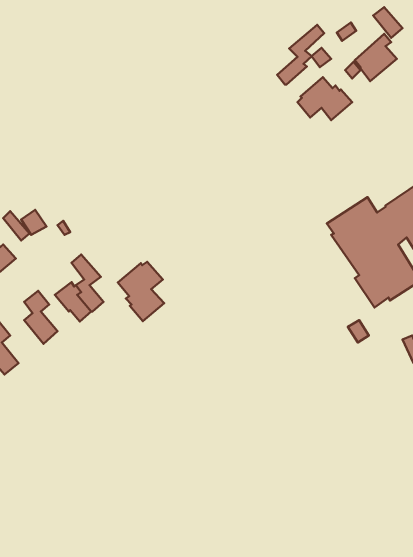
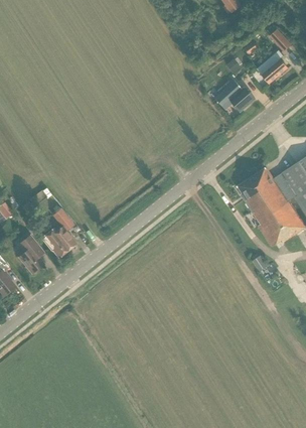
building: [277,25,324,84] -> none
building: [118,262,164,321] -> none

